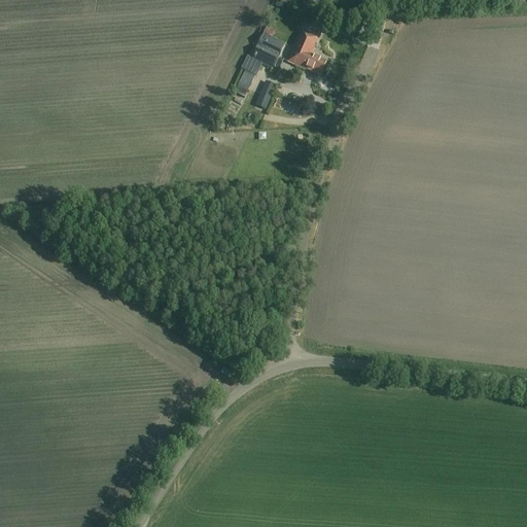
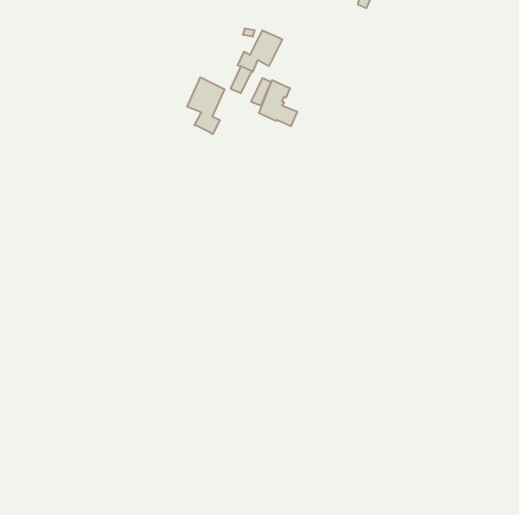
building: [288,26,327,72] -> [259,80,297,126]
building: none -> [187,77,225,134]

